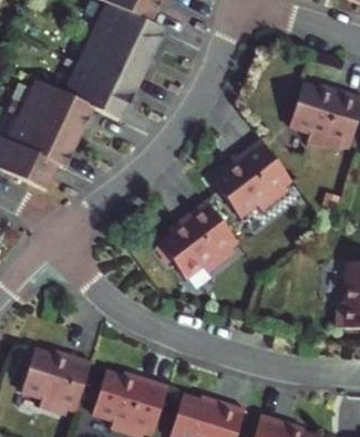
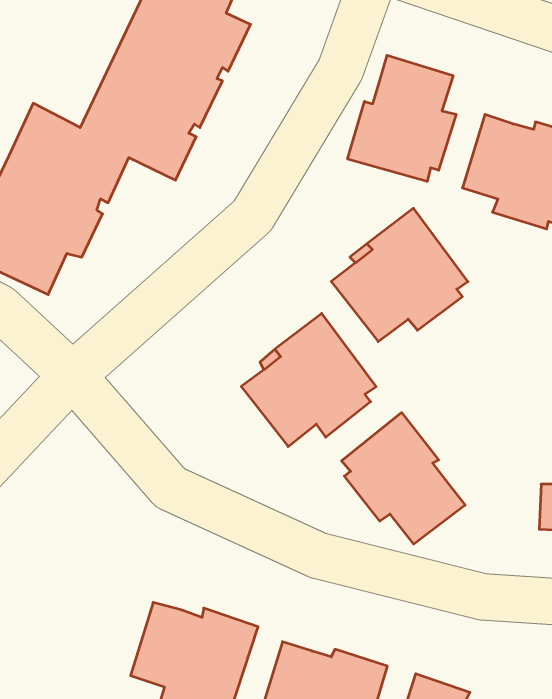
building: none -> [348,55,456,181]
building: none -> [342,413,465,544]
building: [22,348,93,414] -> none

